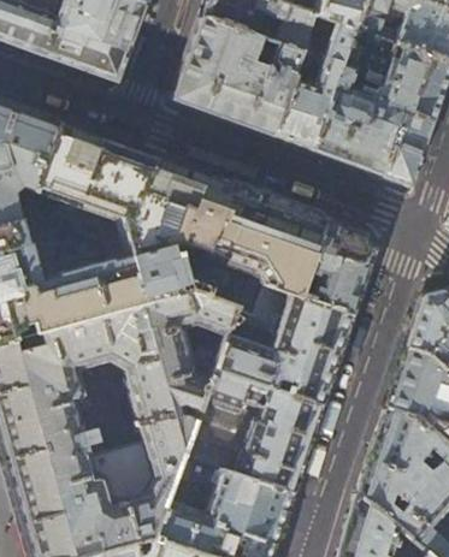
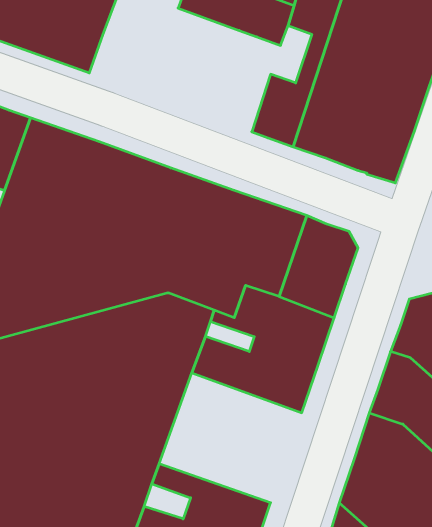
building: [173,18,302,137] -> none
building: [185,369,323,494] -> none

